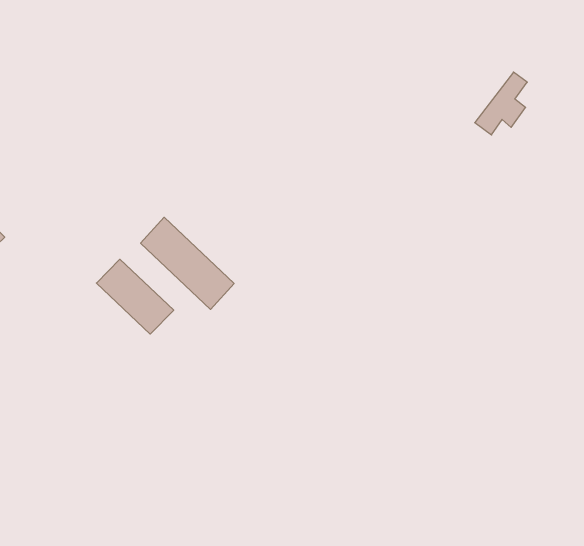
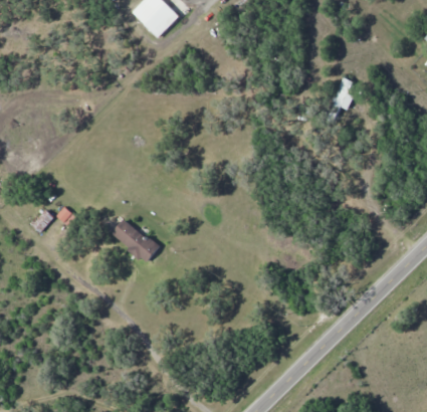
building: [141,217,234,309] -> none

